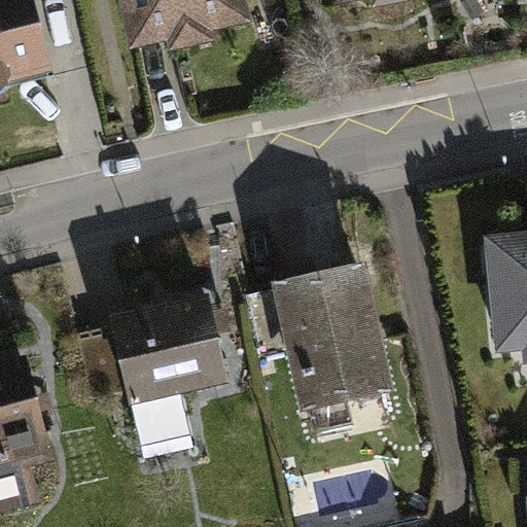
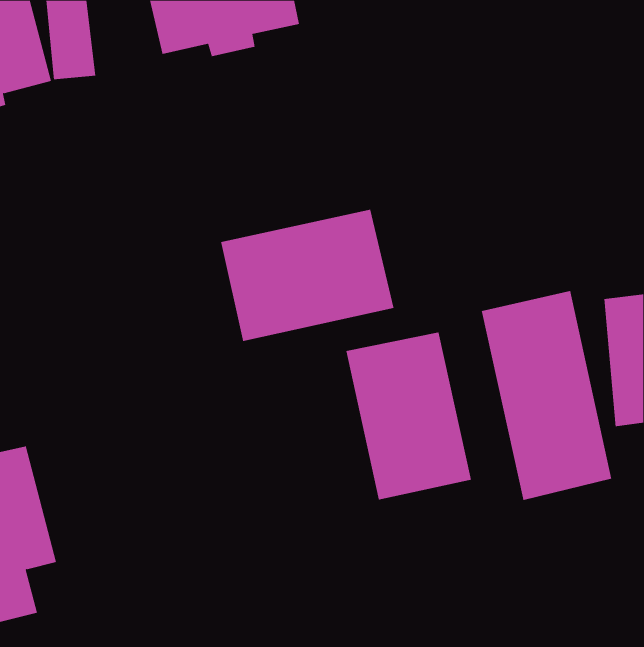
building: none -> [220,209,394,342]
building: none -> [481,290,612,501]
building: [76,303,224,444] -> none

